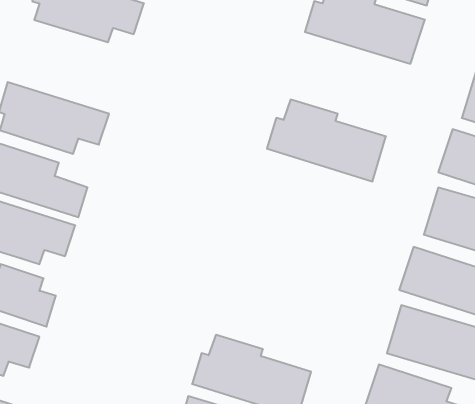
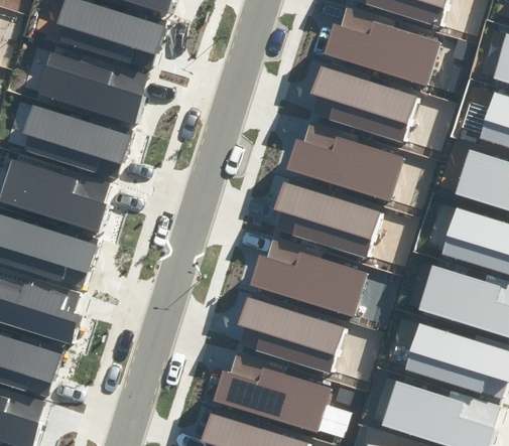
building: none -> [35,52,145,126]
building: none -> [309,66,421,145]
building: none -> [272,180,384,259]
building: none -> [249,238,367,318]
building: none -> [238,296,350,374]

